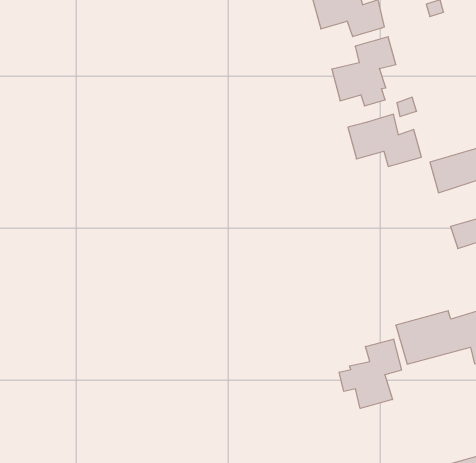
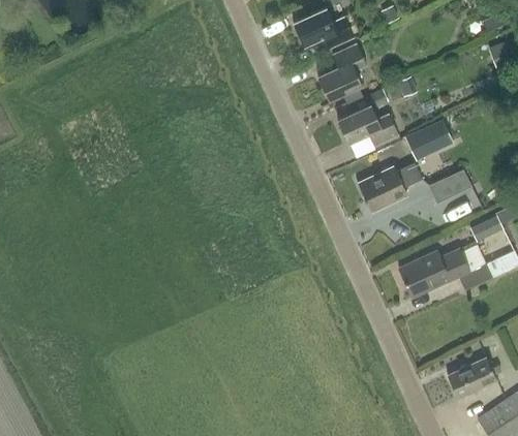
building: none -> [358,163,422,211]
building: [339,339,401,408] -> none

